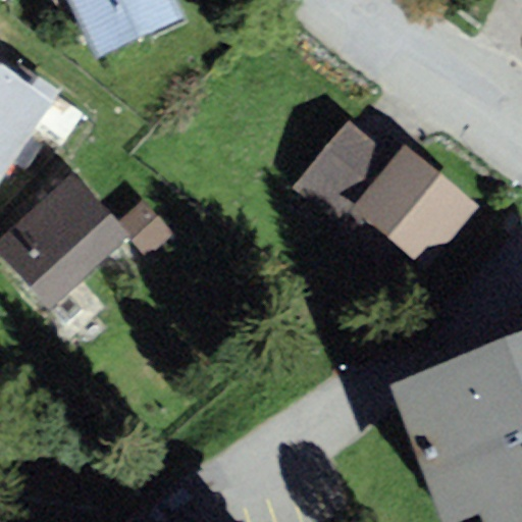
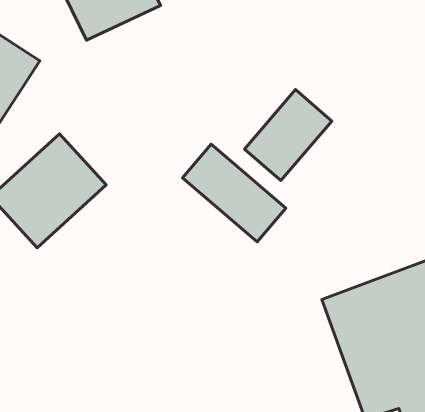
building: [364,149,494,277] -> none
building: none -> [183,144,286,242]

